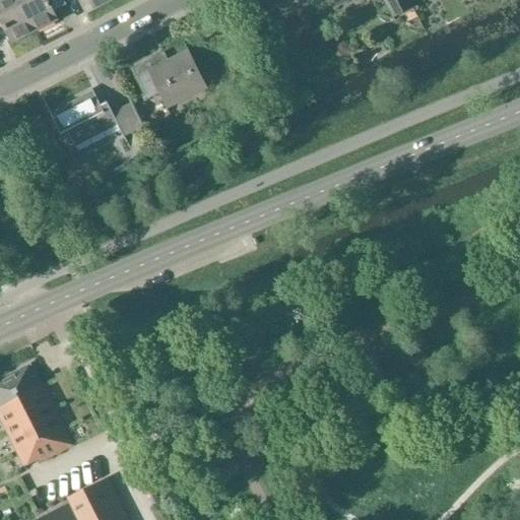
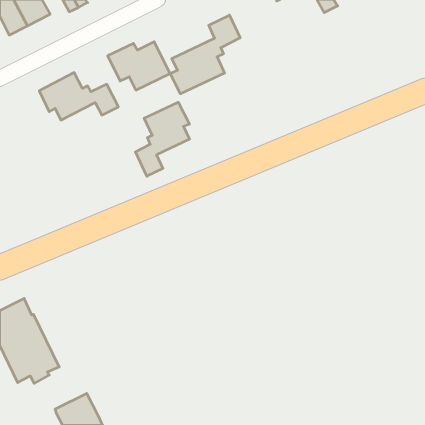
building: none -> [170,15,240,94]
building: none -> [135,102,190,176]

